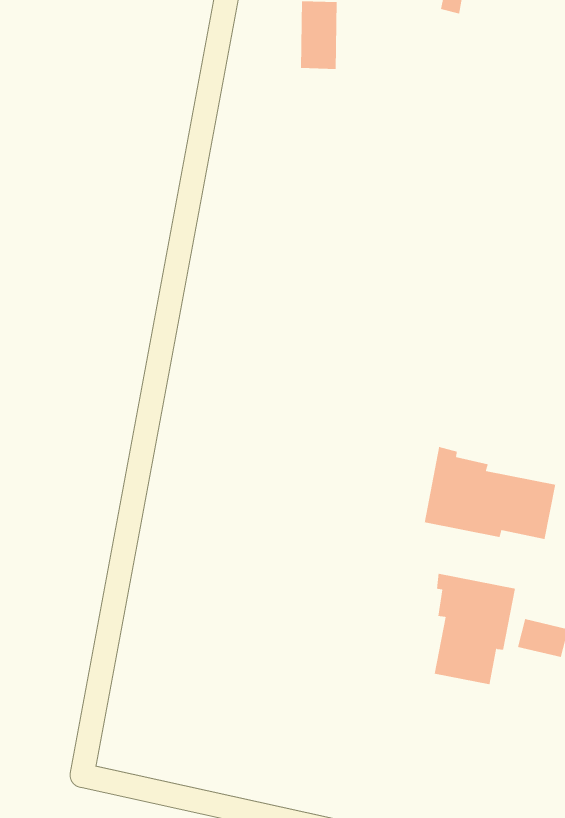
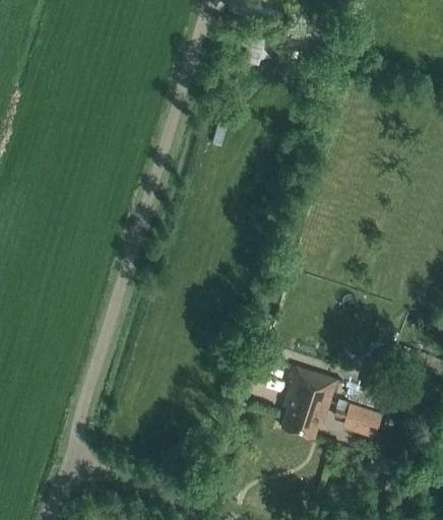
building: [424,446,556,540] -> none

